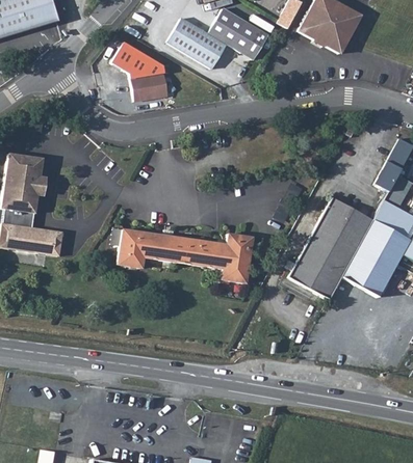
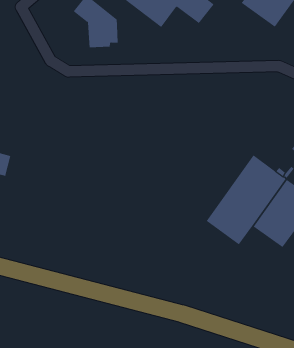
building: [118,229,253,282] -> none

